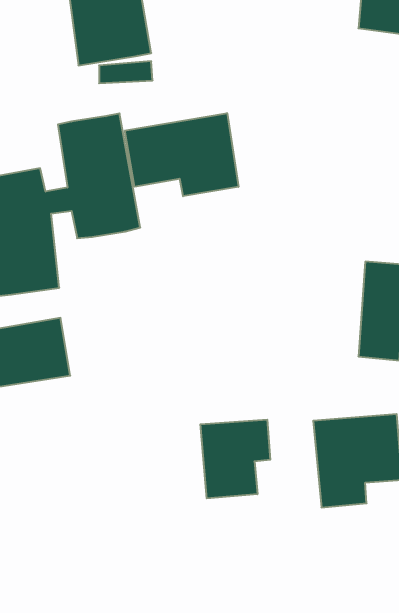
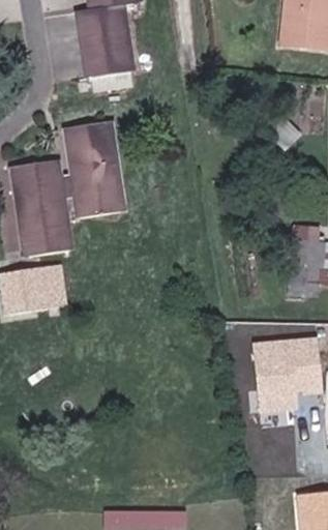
building: [125,113,238,196] -> none
building: [200,420,270,498] -> none

